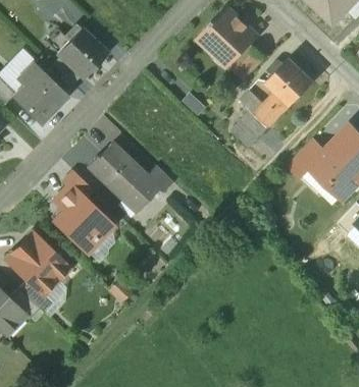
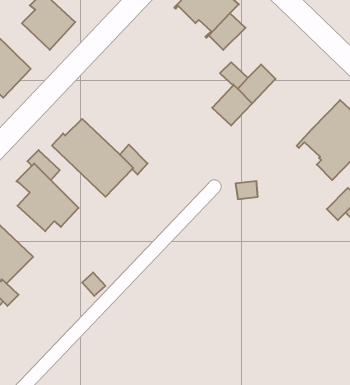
building: [266,57,314,105] -> none
building: [288,139,324,176] -> none

